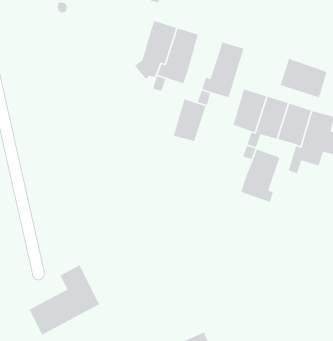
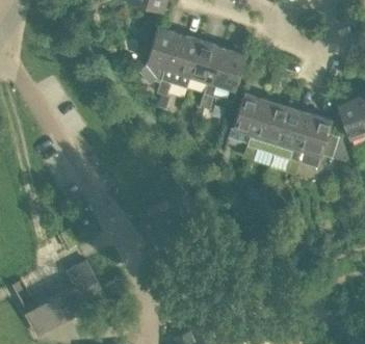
building: [280,58,328,98] -> none
building: [173,98,206,143] -> [190,41,223,83]
building: [240,149,280,203] -> none

